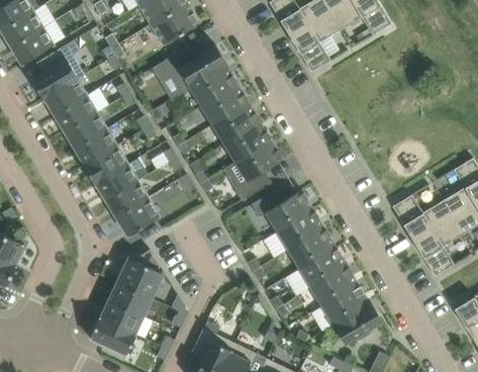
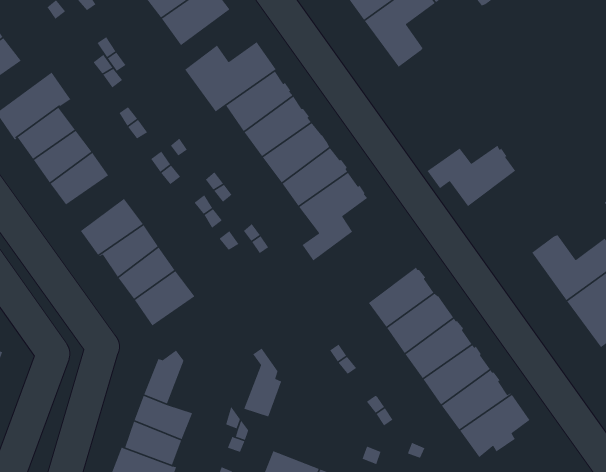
building: [75,129,115,166] -> none
building: [251,190,312,231] -> [427,145,516,207]
building: [133,249,162,297] -> [243,347,282,417]

